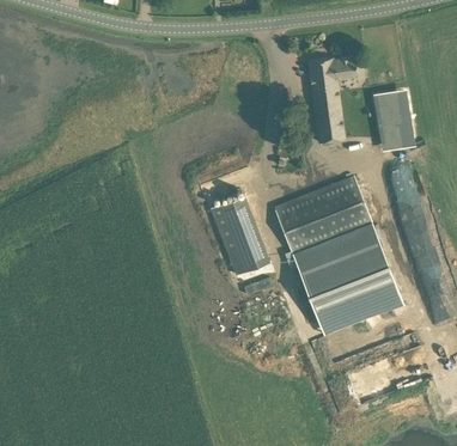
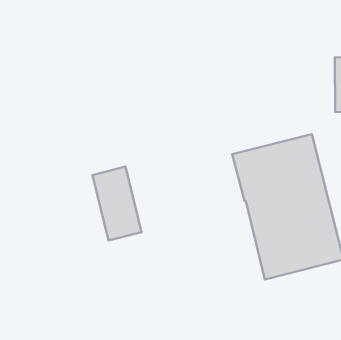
building: [307,57,357,143] -> none
building: [211,196,269,276] -> [93,167,142,241]

